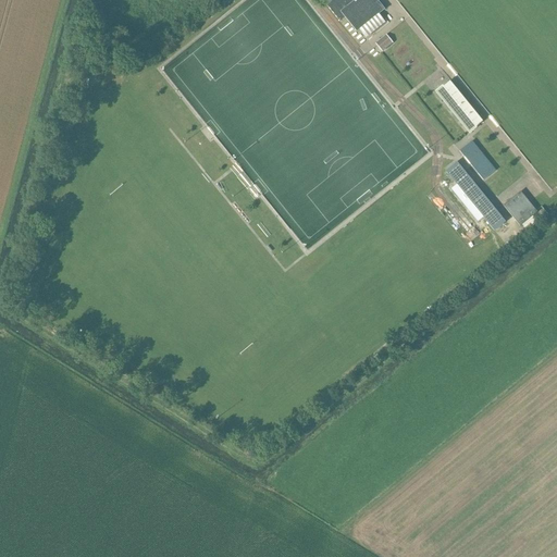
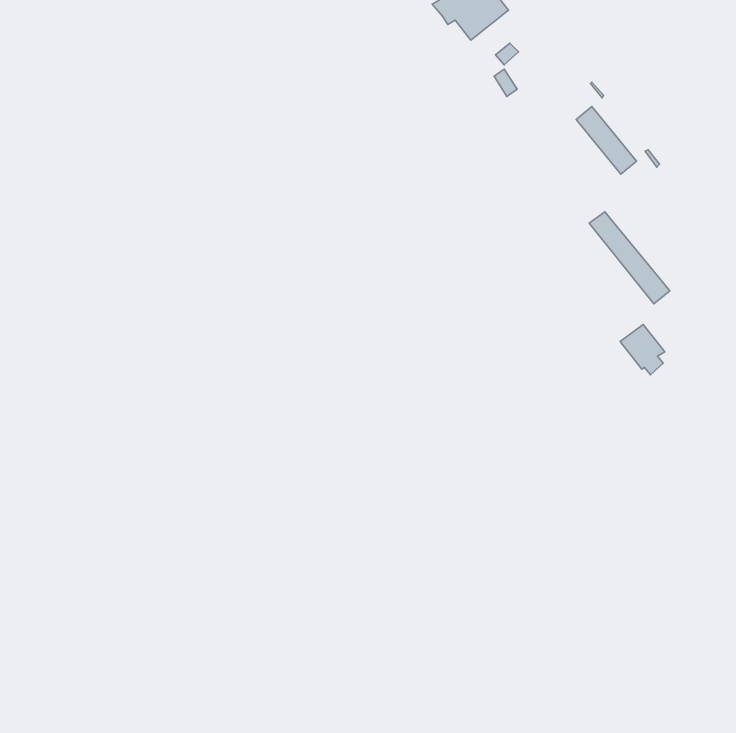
building: [459,139,495,178] -> none
building: [504,190,537,228] -> [620,324,665,375]

